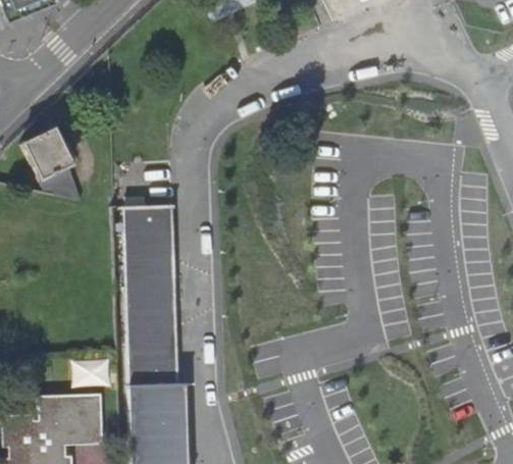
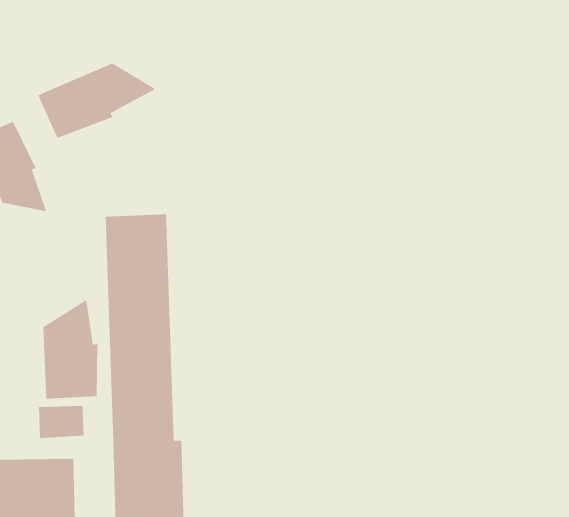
building: none -> [37,62,157,139]
building: none -> [43,299,98,400]

